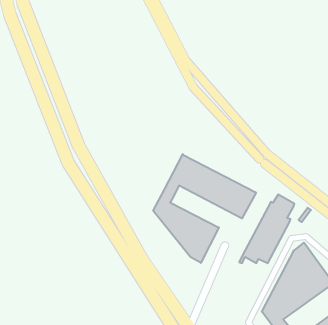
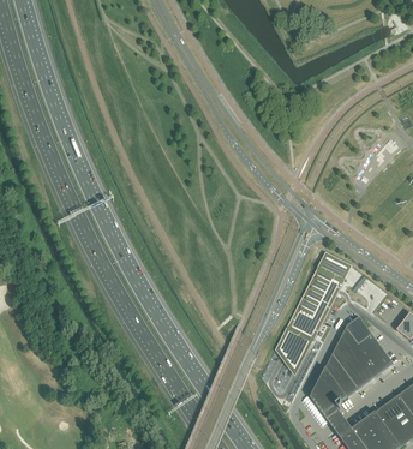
building: [153,154,256,263] -> none

